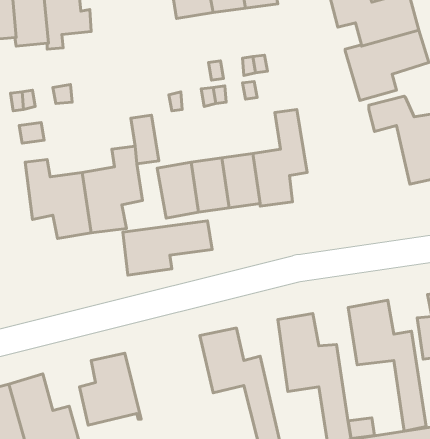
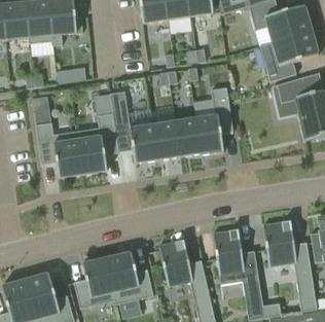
building: [123,221,212,275] -> none
building: none -> [106,252,153,305]

